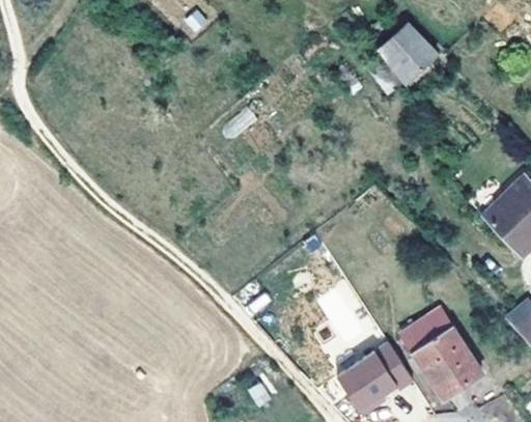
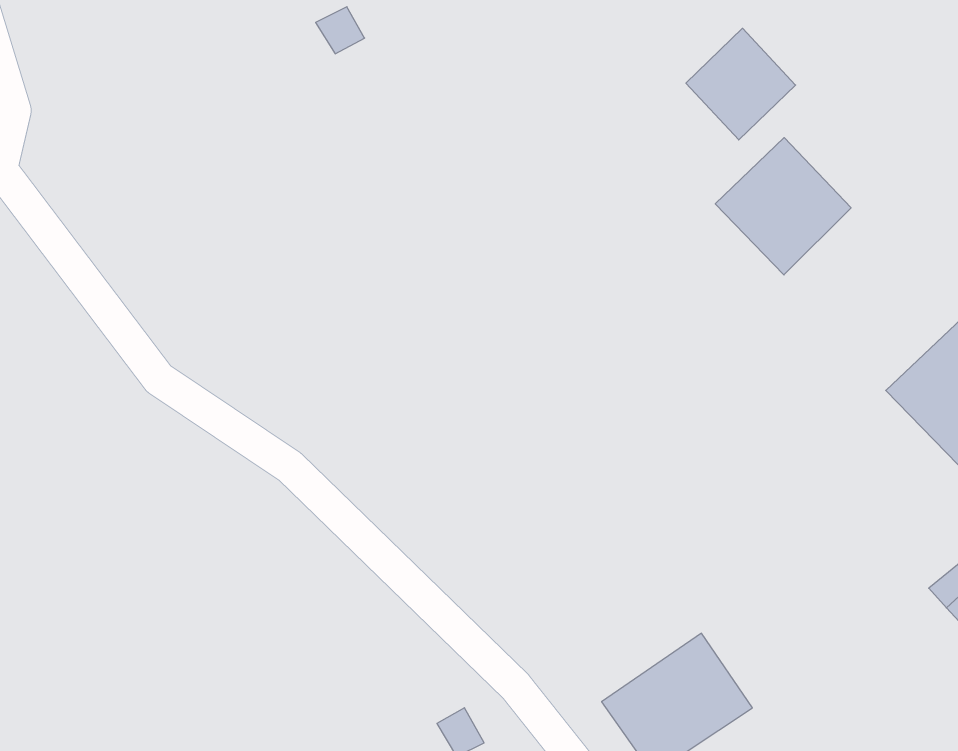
building: none -> [715,138,851,275]
building: [401,308,482,398] -> none

